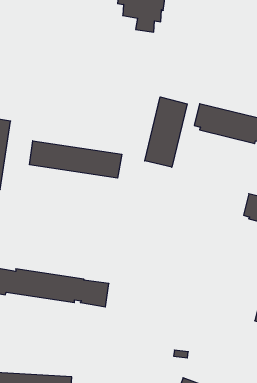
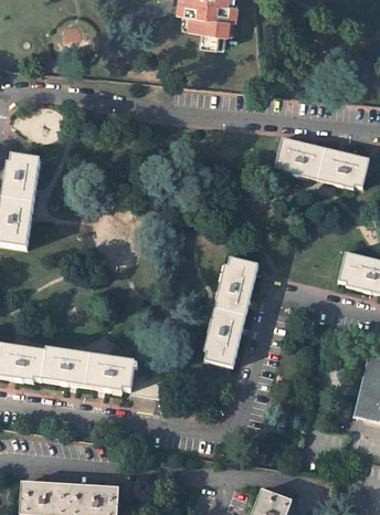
building: [145,97,187,167] -> none
building: [30,141,122,178] -> none
building: none -> [204,258,258,366]

